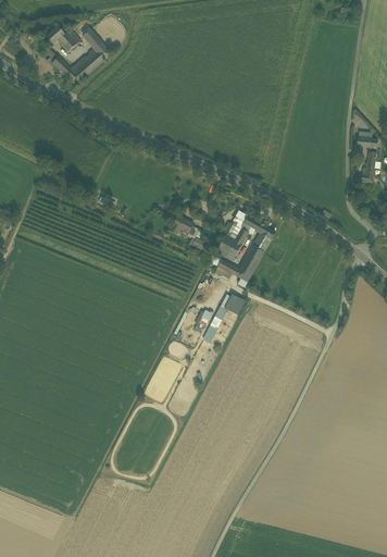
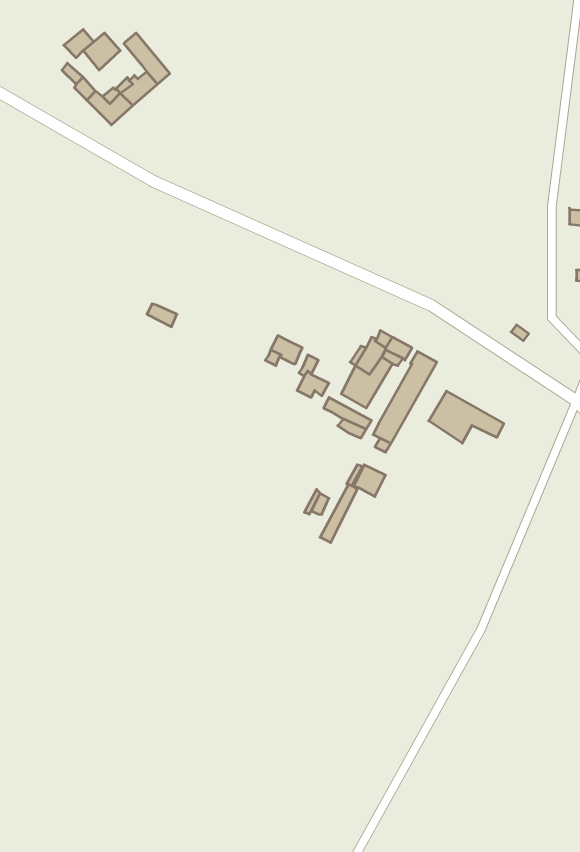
building: none -> [429,391,504,443]

